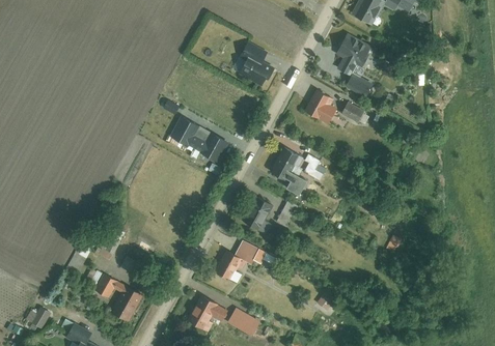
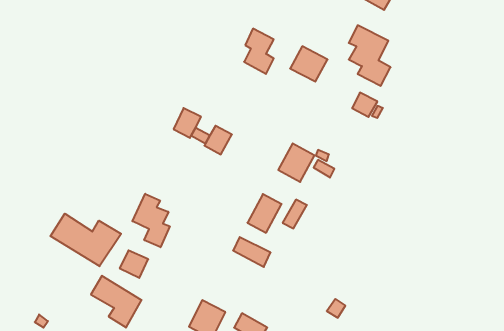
building: [304,91,339,124] -> [290,46,328,82]
building: none -> [132,194,170,247]
building: none -> [50,214,121,266]
building: [214,251,242,280] -> none

